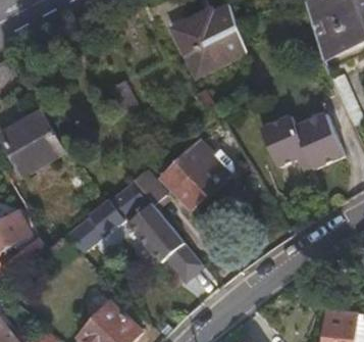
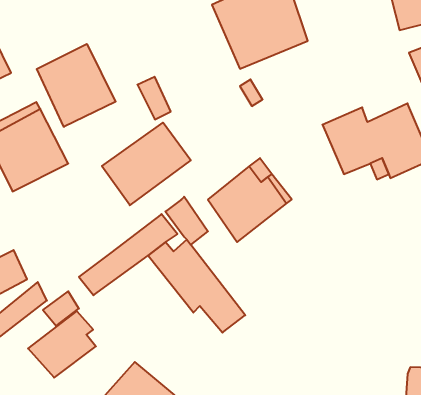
building: none -> [37,44,116,127]
building: none -> [102,123,191,205]
building: none -> [28,311,96,378]

